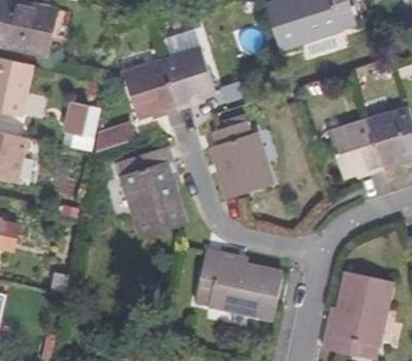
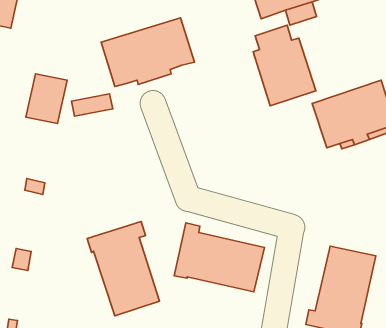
building: [215,119,276,198] -> [253,25,316,106]
building: [119,145,189,237] -> [87,222,159,316]

